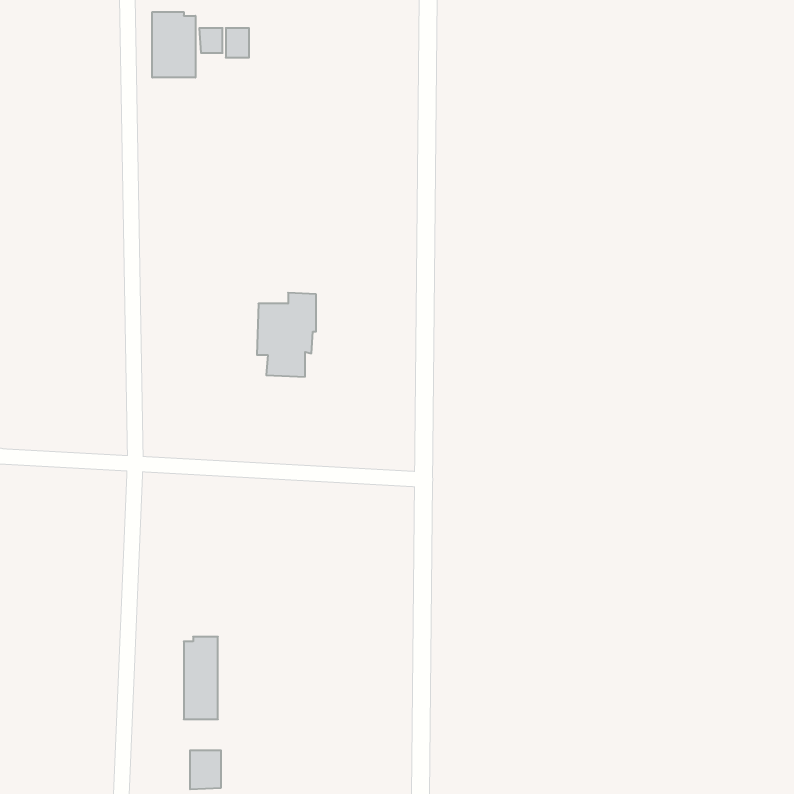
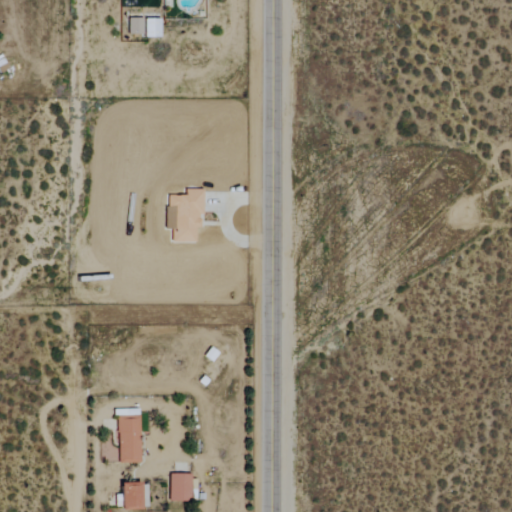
building: [152,12,195,78] -> none
building: none -> [171,473,192,501]

